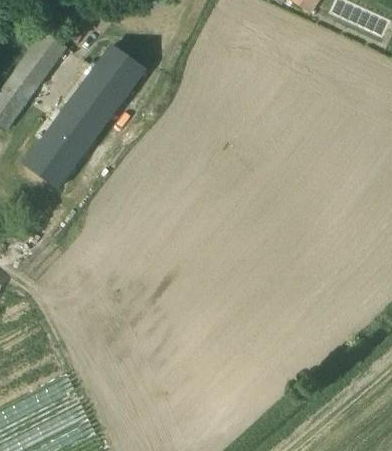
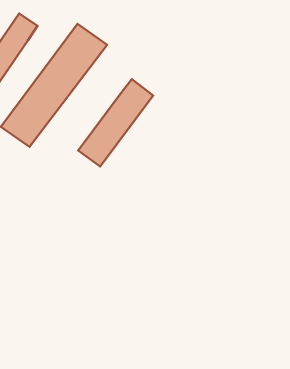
building: none -> [78,79,153,166]

